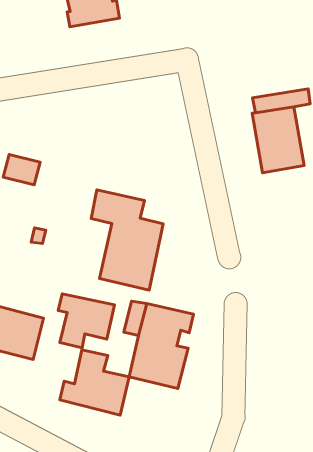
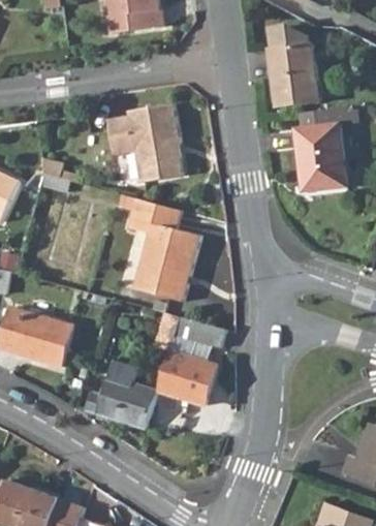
building: none -> [268,27,318,105]
building: none -> [107,105,181,182]
building: [58,294,115,348] -> none

